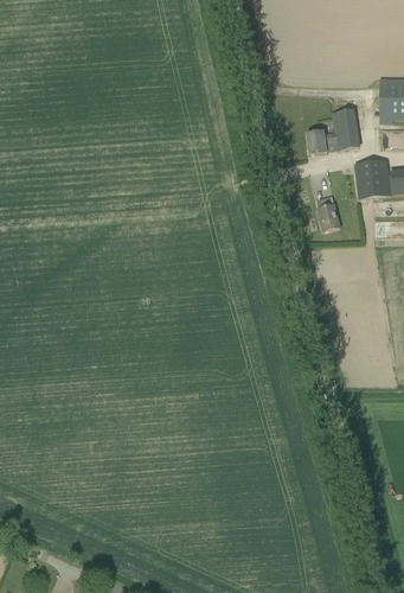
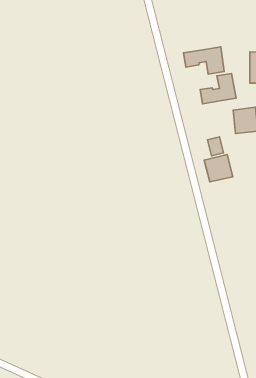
building: none -> [183,47,224,74]
building: none -> [204,154,233,182]

